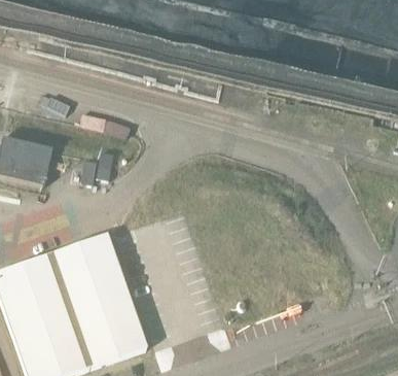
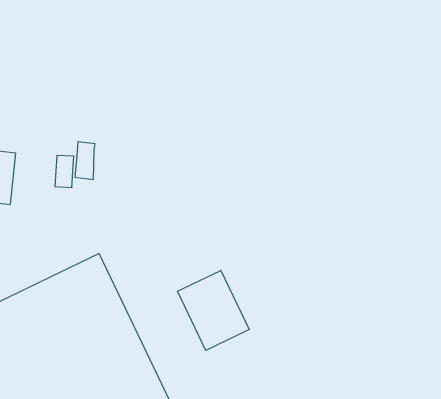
building: none -> [177,270,249,350]

